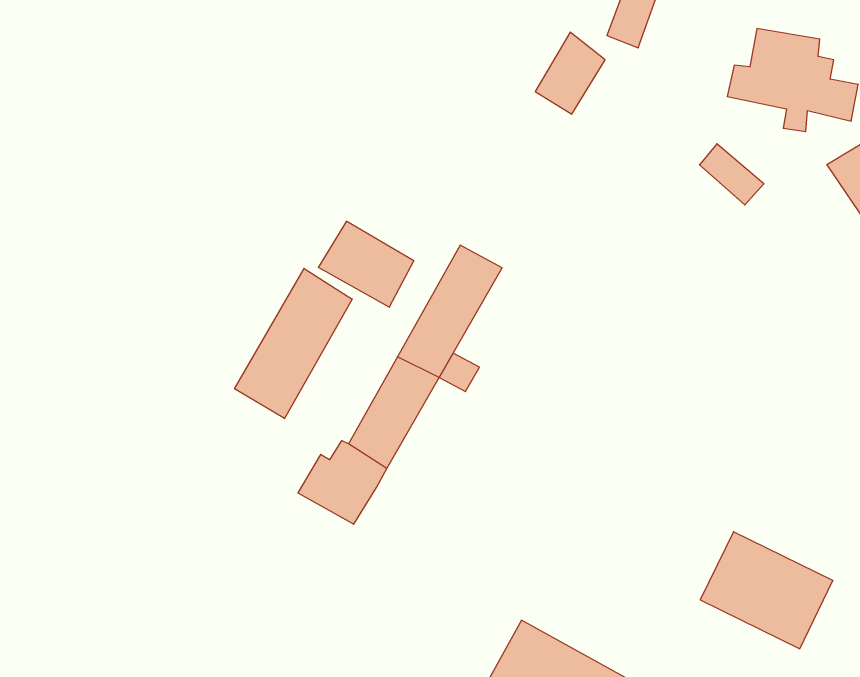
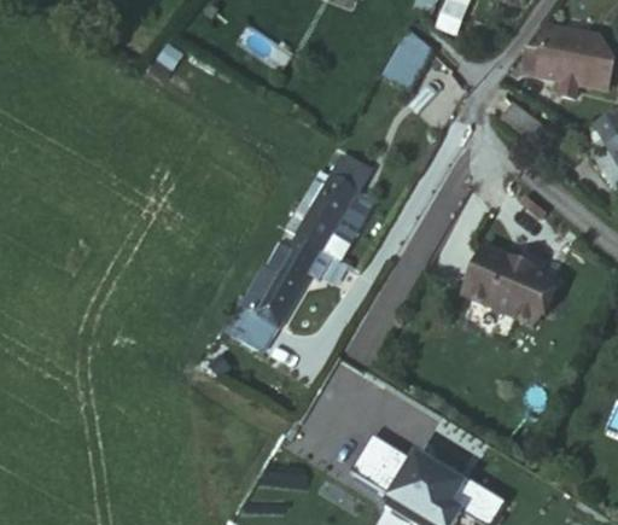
building: [318,221,414,307] -> none
building: [235,268,352,419] -> none
building: [700,532,833,649] -> [460,245,552,326]

